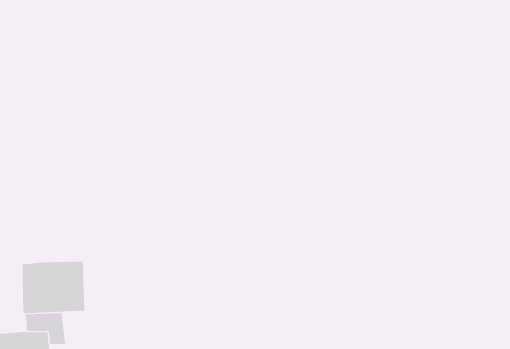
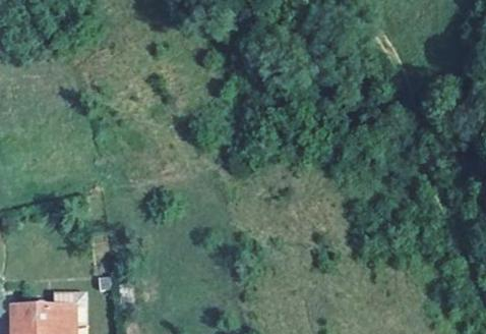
building: [22,261,85,314] -> none

